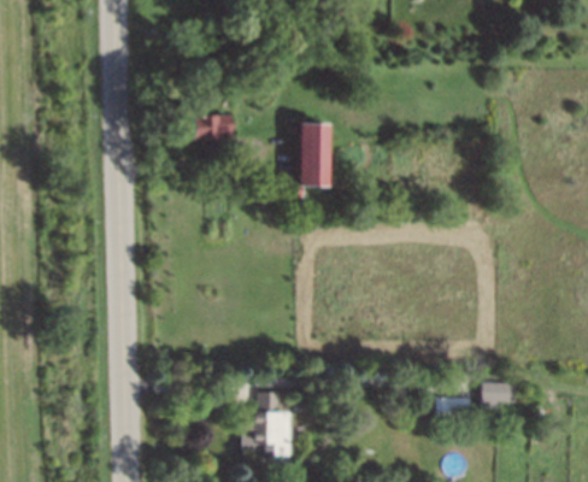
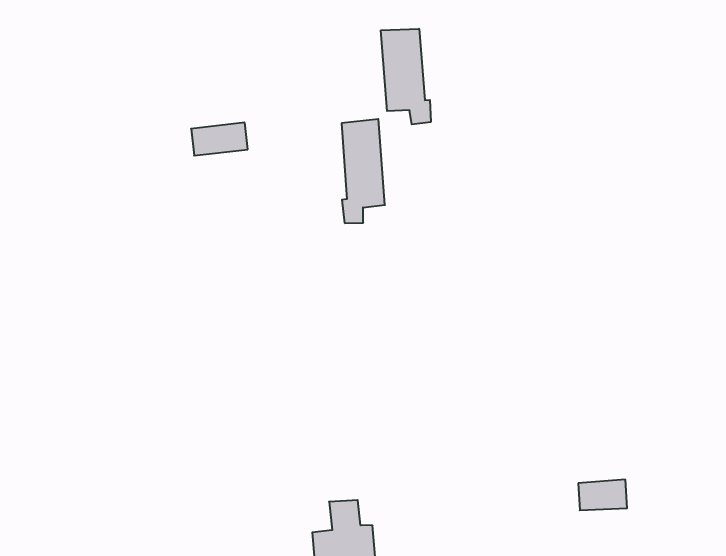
building: none -> [381,29,431,124]
building: [487,383,522,410] -> none

